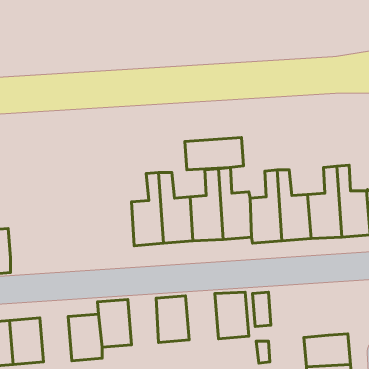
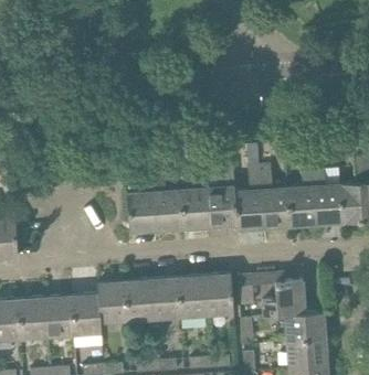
building: [185,138,244,170] -> none
building: none -> [177,276,207,318]
building: none -> [125,280,152,322]
building: none -> [262,280,306,317]
building: none -> [45,297,74,338]

